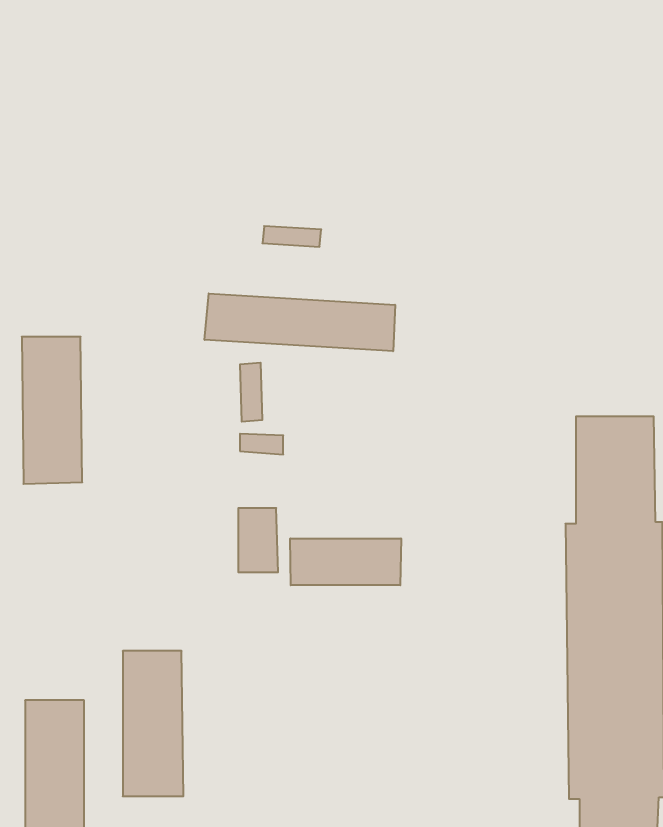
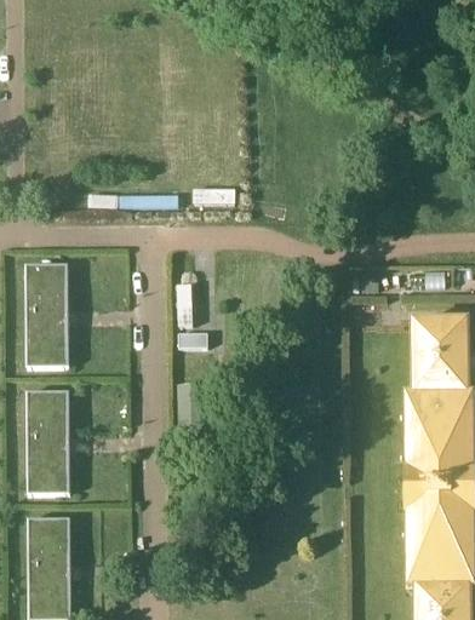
building: [205,293,395,351] -> none
building: [290,538,401,585] -> none
building: [123,651,183,796] -> [27,391,69,493]

